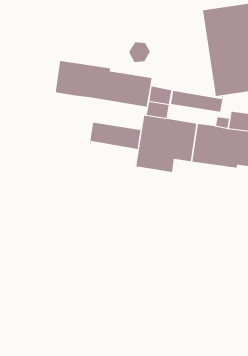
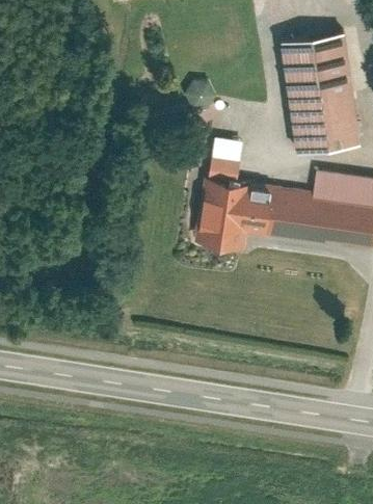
building: [55,60,152,107] -> none
building: [170,90,223,112] -> none
building: [89,122,141,150] -> none

